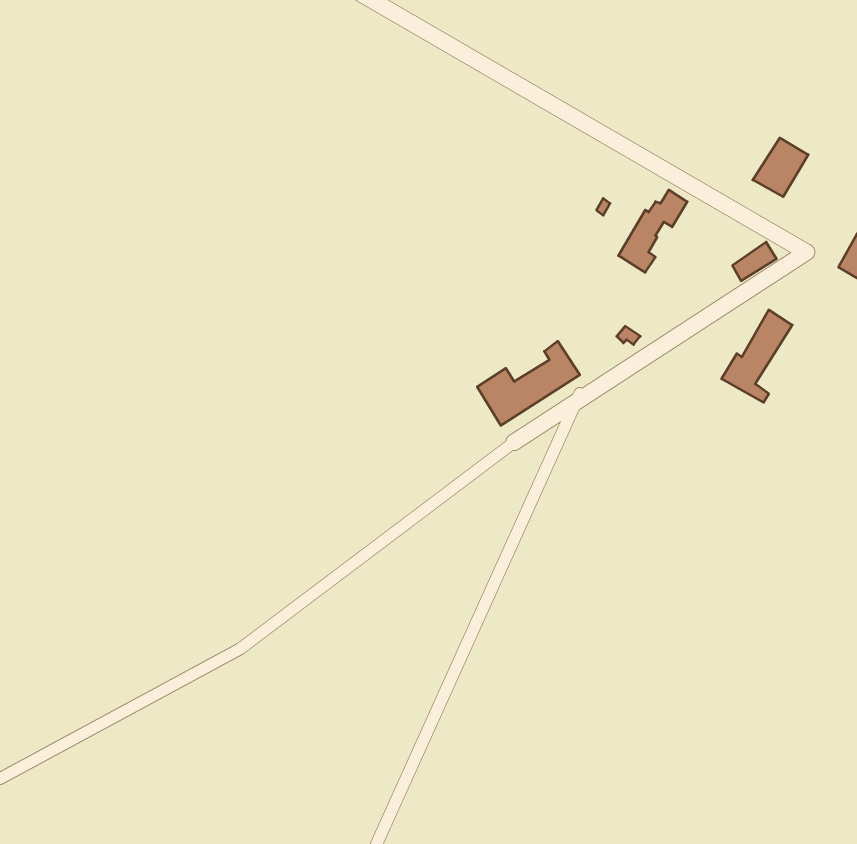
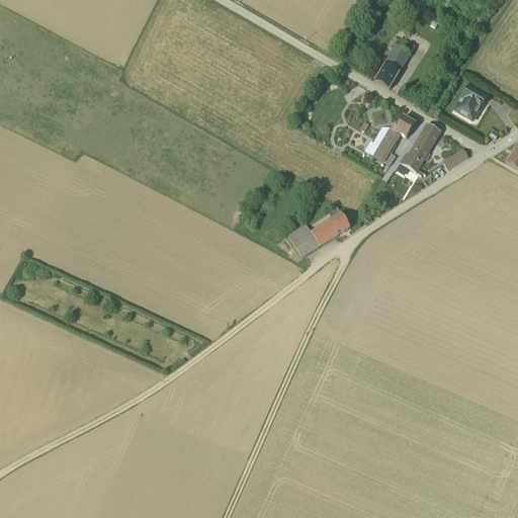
building: none -> [374,35,415,87]
building: [722,310,792,402] -> [399,121,441,177]

